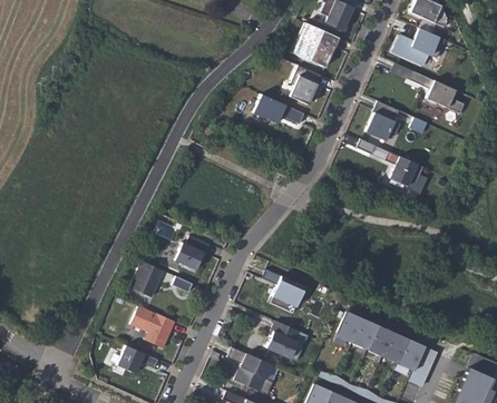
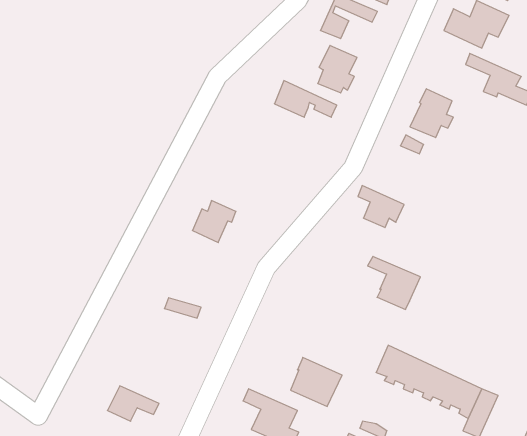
building: [301,32,333,67] -> none
building: [386,151,423,186] -> [358,186,404,228]
building: [174,235,209,269] -> [192,201,236,243]
building: [129,259,163,296] -> none
building: [262,269,305,313] -> [368,256,420,309]
building: [130,304,175,347] -> none

